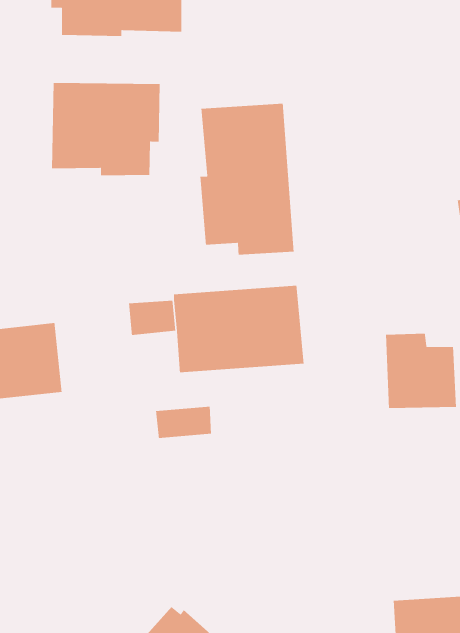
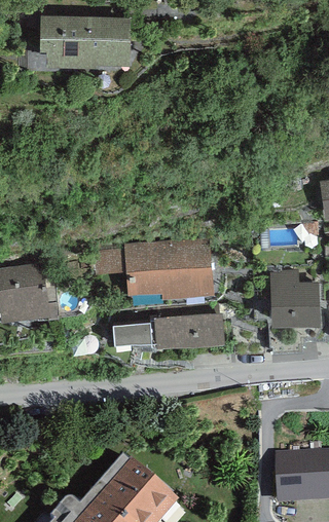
building: [51,82,161,176] -> none
building: [199,103,294,256] -> none
building: none -> [153,311,223,346]

